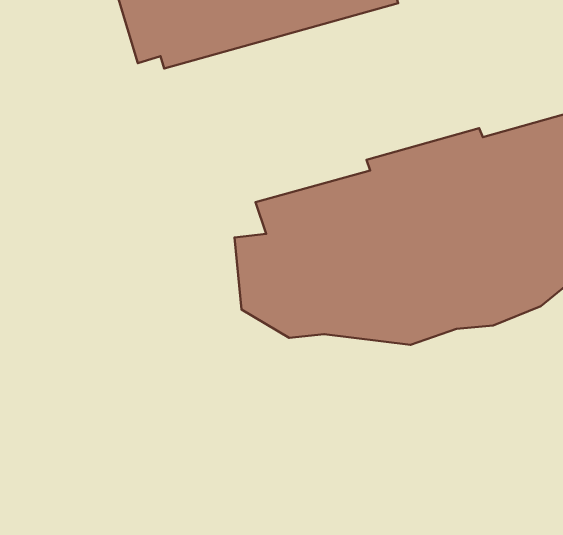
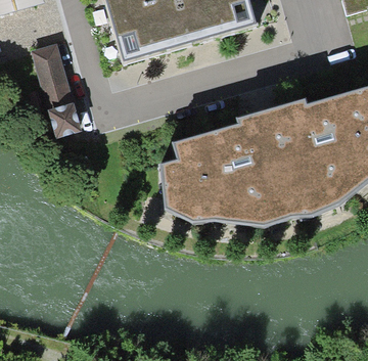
building: none -> [33,43,81,137]

